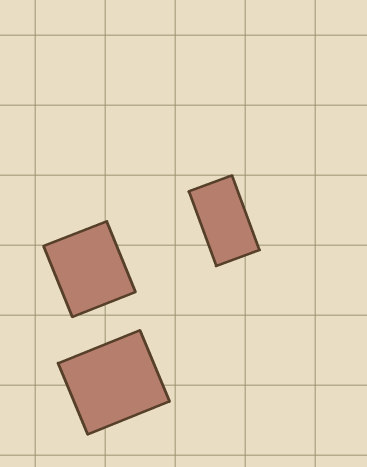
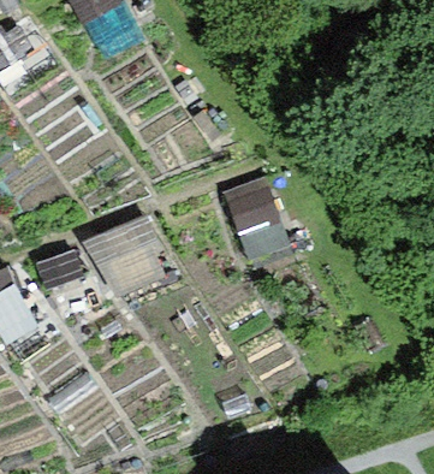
building: [58,330,169,434] -> none

